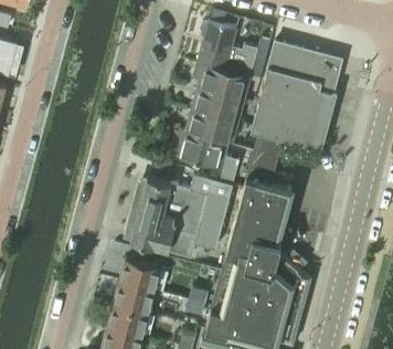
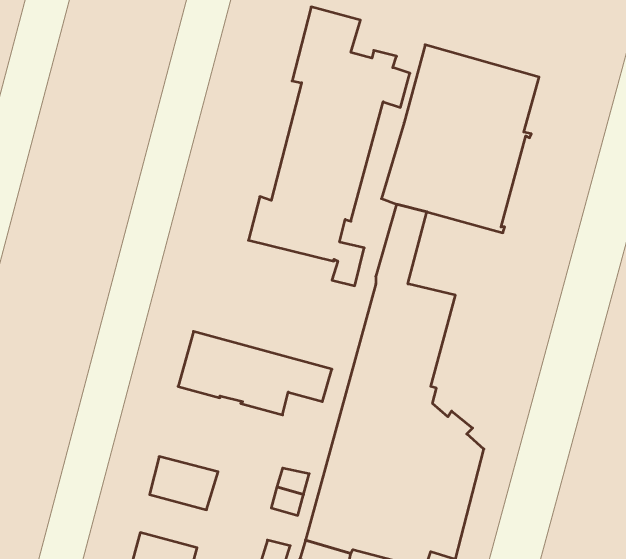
building: [140,176,233,232] -> none
building: [120,260,160,292] -> none
building: [109,305,148,336] -> none

